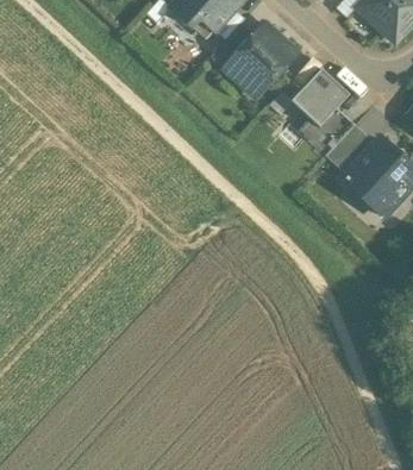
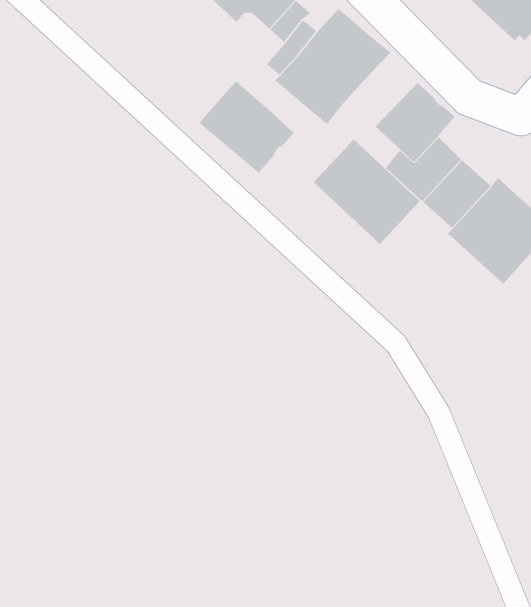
building: none -> [199,81,294,174]
building: none -> [313,139,420,245]

